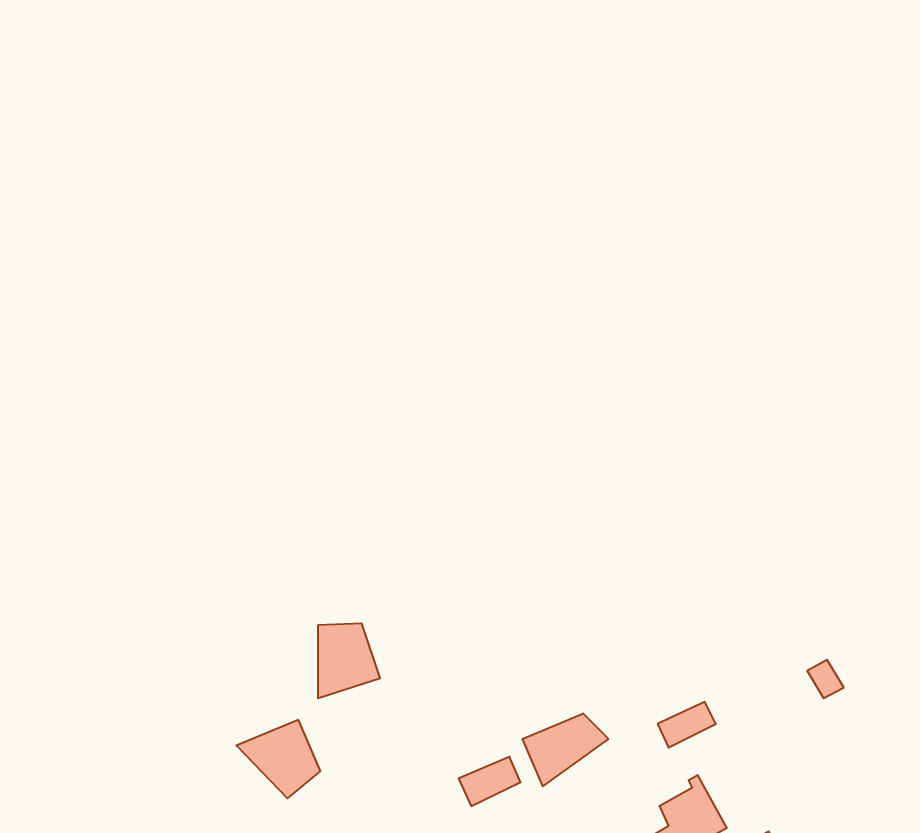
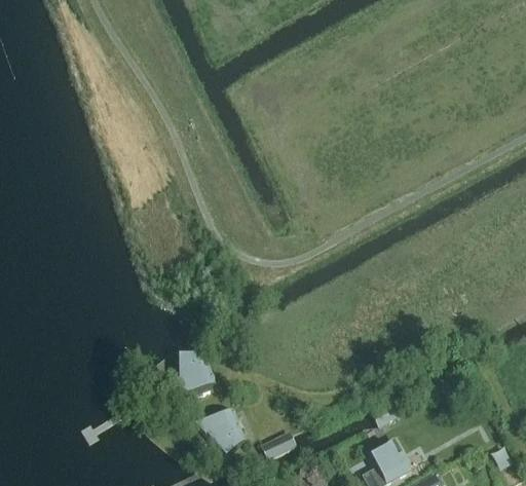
building: [522,713,608,786] -> none
building: [236,720,320,798] -> [197,411,245,455]

